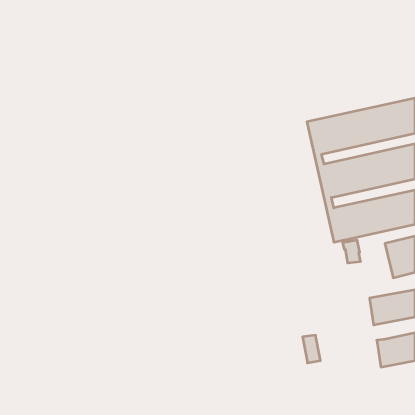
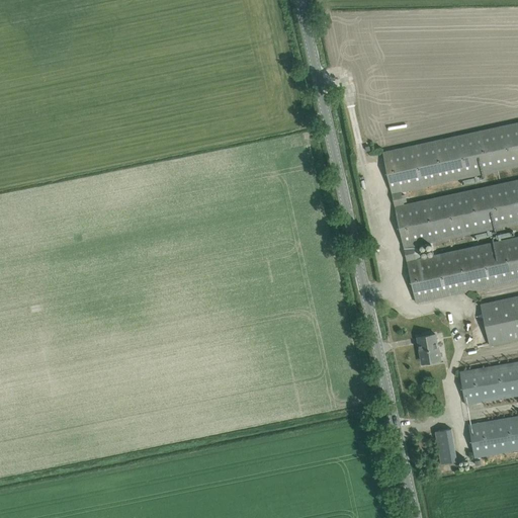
building: [343,240,361,263] -> [417,334,439,362]
building: [303,335,320,363] -> [435,429,457,463]

